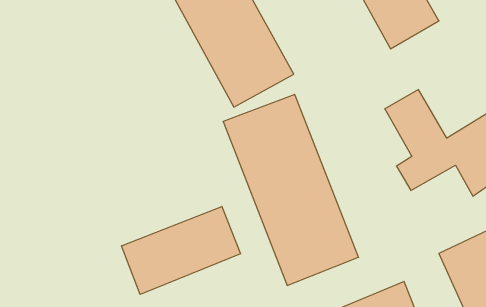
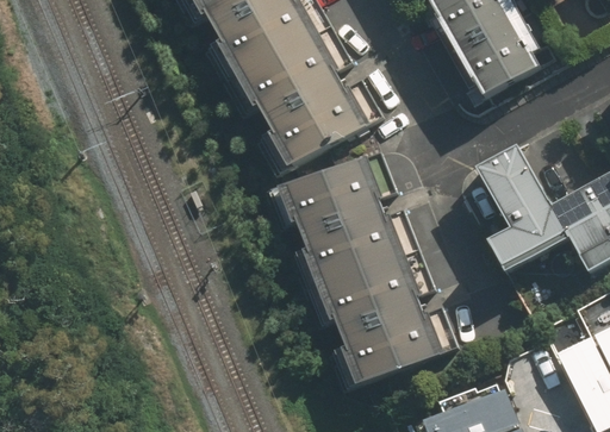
building: [122,206,241,294] -> none

